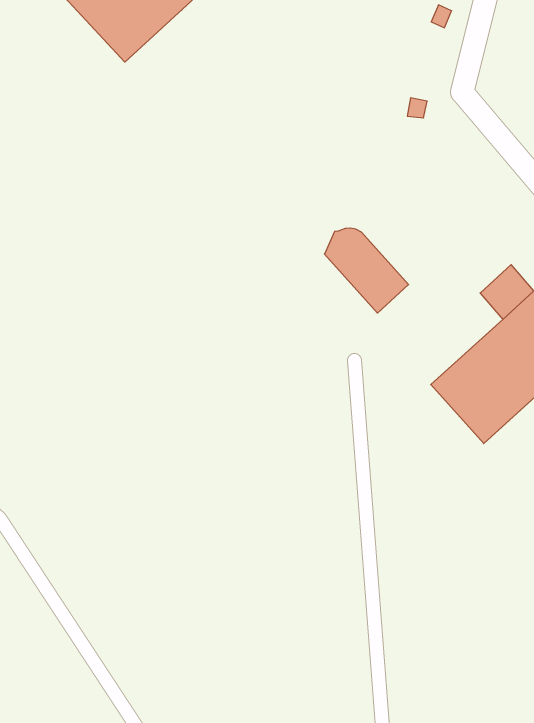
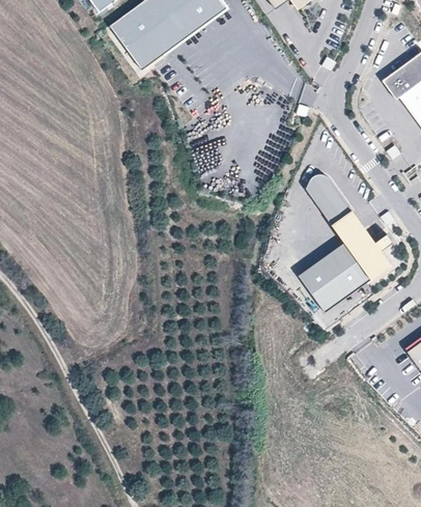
building: [324,228,409,313] -> [306,173,353,224]

